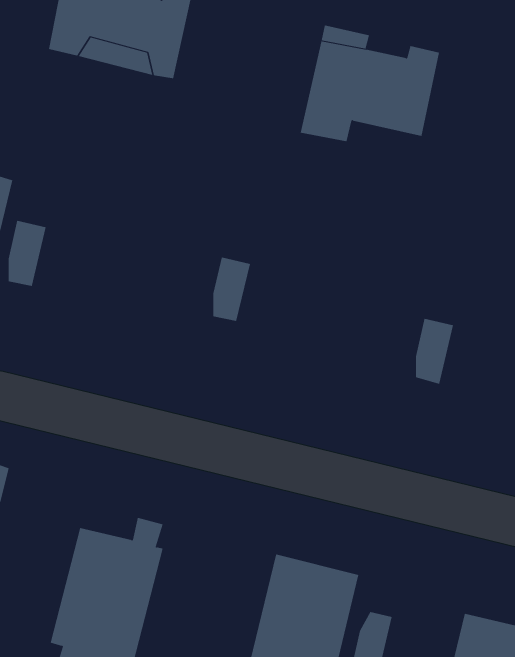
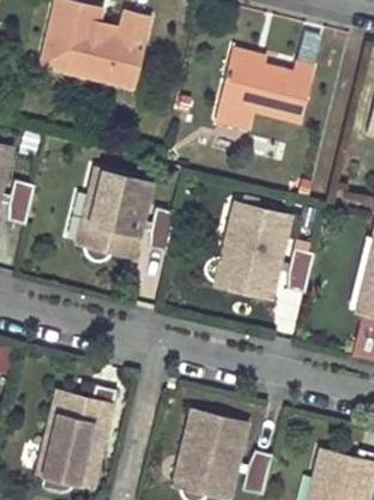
building: none -> [76,167,151,263]
building: none -> [204,205,291,299]

